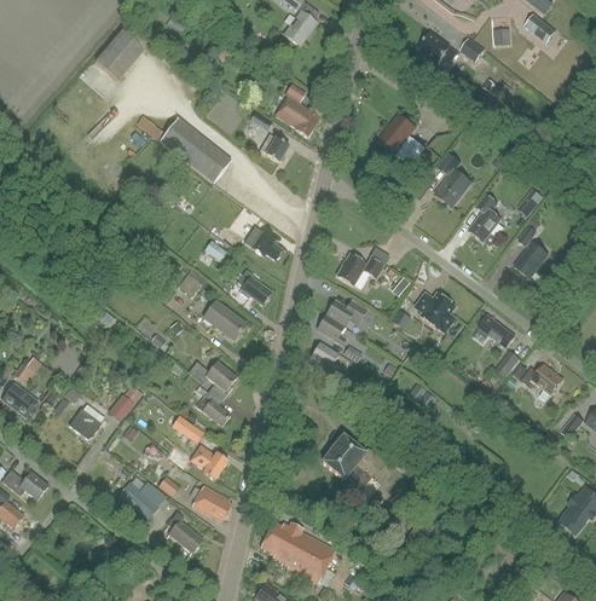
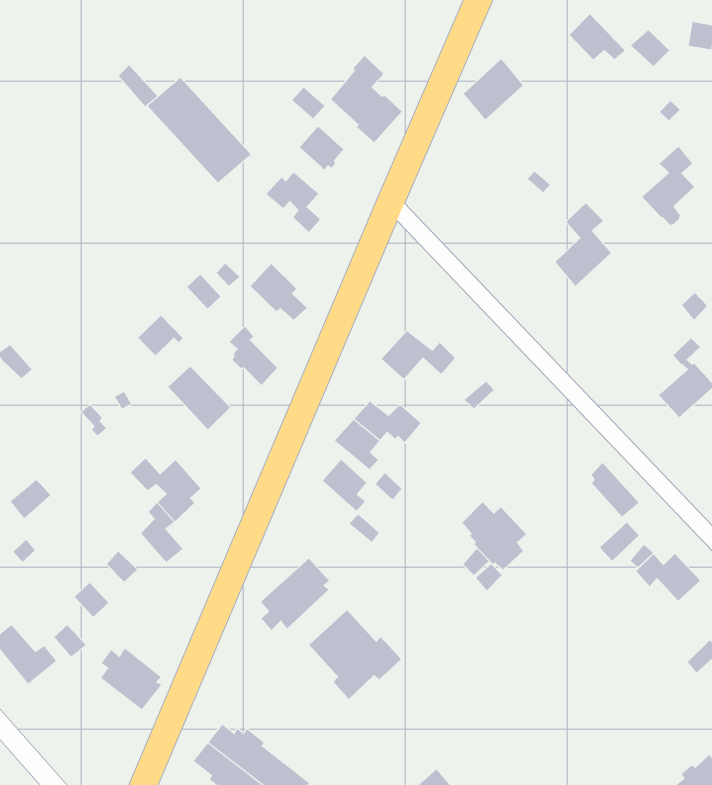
building: [377,112,415,154] -> [463,58,524,121]
building: none -> [265,172,321,233]
building: [468,193,500,244] -> [641,146,695,225]
building: [413,291,456,333] -> [462,502,527,570]
building: none -> [260,558,330,631]
building: [190,445,228,480] -> none
building: [166,510,202,554] -> none

